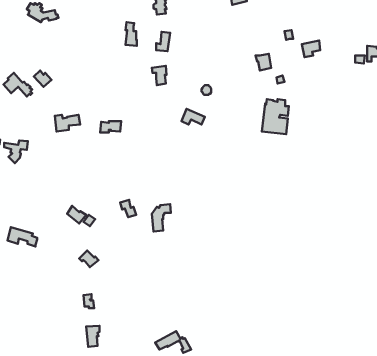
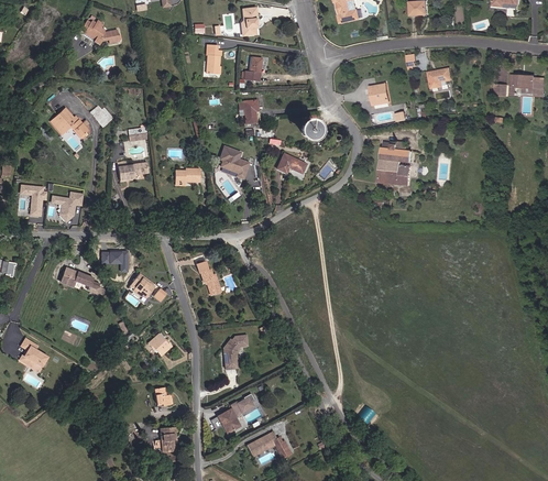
building: none -> [219,146,248,178]
building: none -> [100,250,129,272]
building: [152,204,171,231] -> [221,336,245,370]
building: [7,227,37,246] -> [54,264,91,288]
building: none -> [209,397,252,434]

